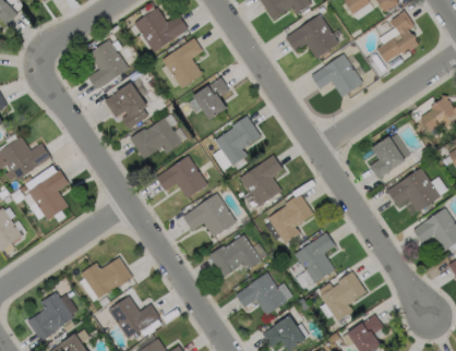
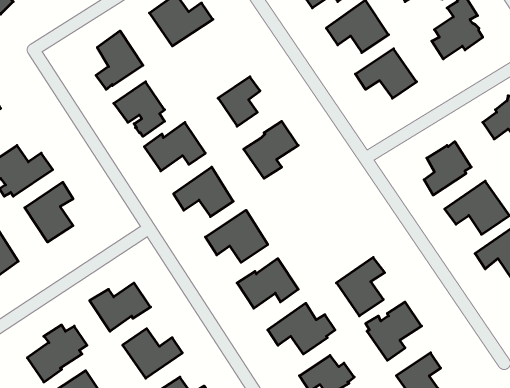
building: [163,38,204,88] -> none
building: [239,155,284,207] -> none
building: [265,193,315,244] -> none

